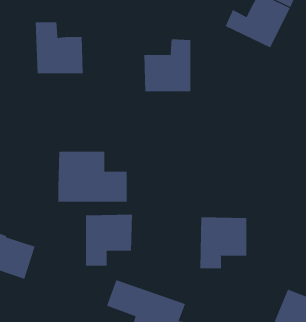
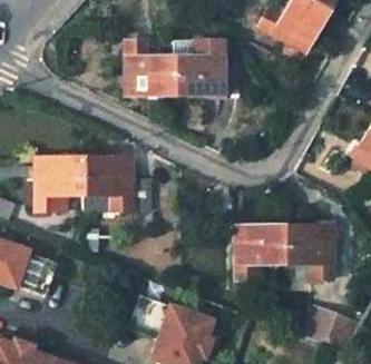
building: [35,22,84,74] -> [120,42,172,97]
building: [85,214,133,266] -> [31,159,81,214]
building: none -> [280,229,331,283]

